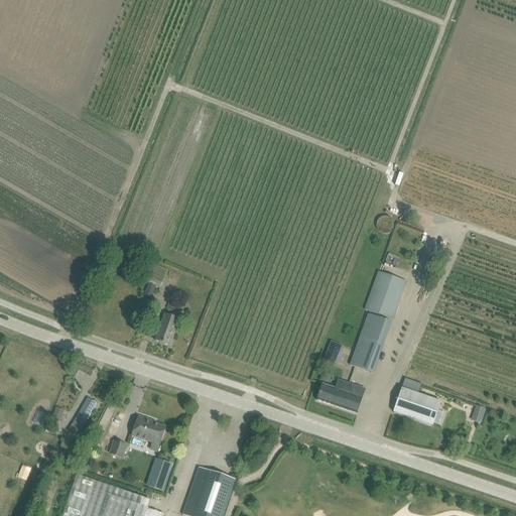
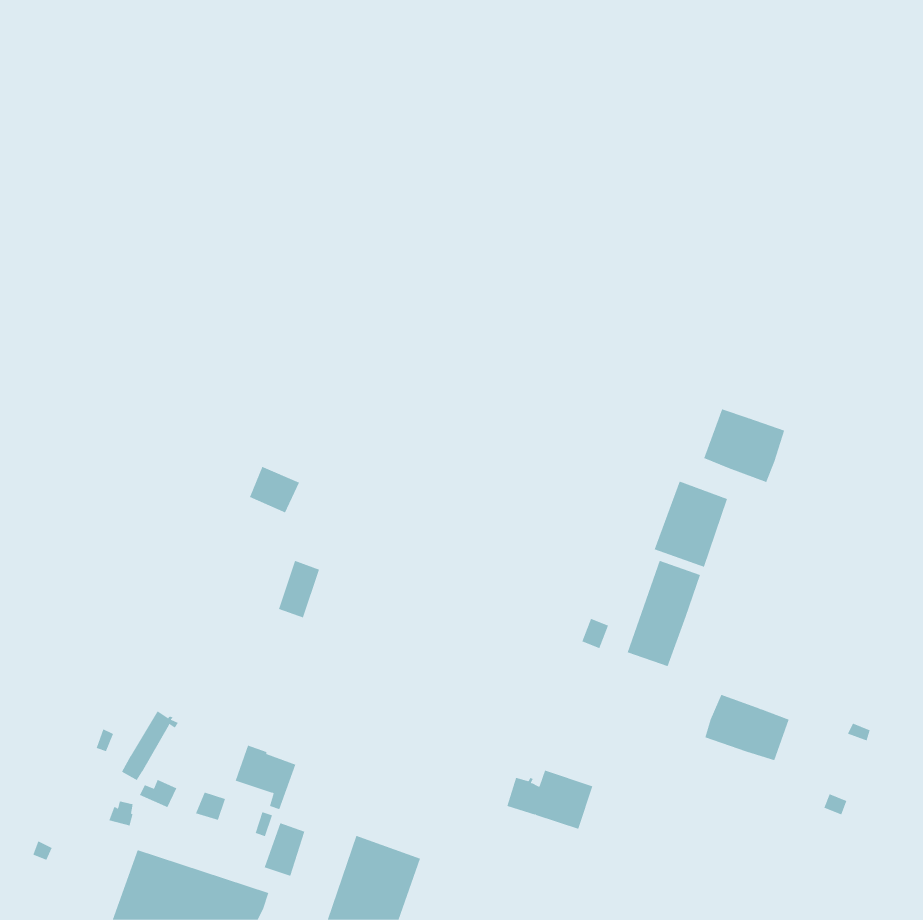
building: none -> [703,409,785,483]
building: [316,379,365,412] -> [506,770,593,830]

